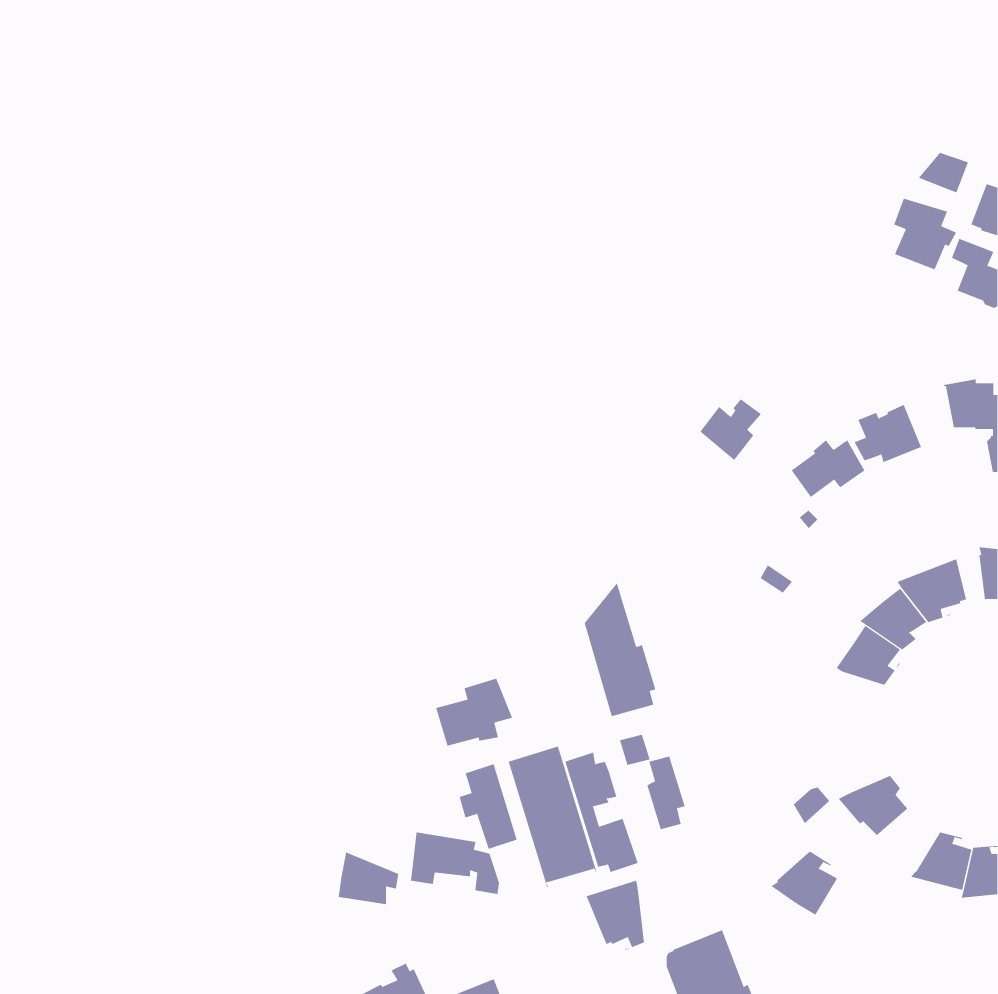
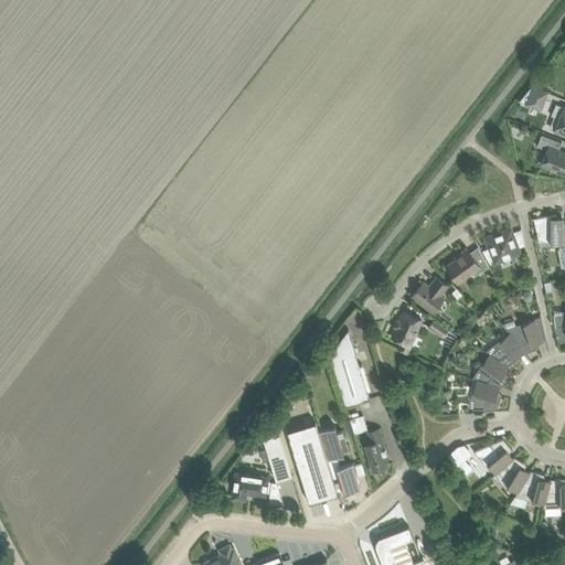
building: [893,198,957,270] -> none
building: [699,398,762,461] -> [413,279,448,315]
building: none -> [392,313,422,354]
building: none -> [468,382,501,411]
building: [436,678,513,747] -> none
building: [771,851,839,915] -> [492,458,531,494]
building: [338,851,399,905] -> none
building: [586,880,644,950] -> none

